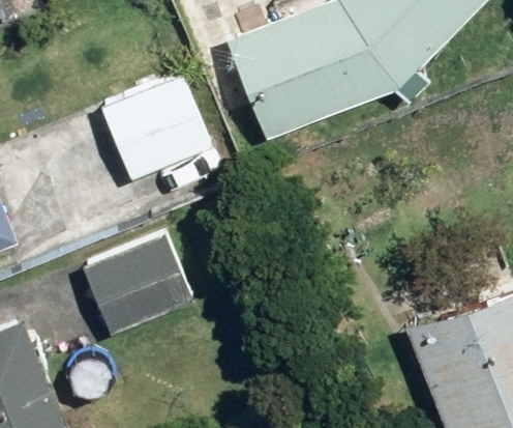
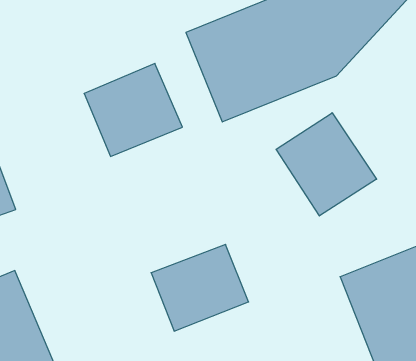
building: none -> [276,113,377,216]
building: [84,237,198,339] -> [151,244,249,331]

